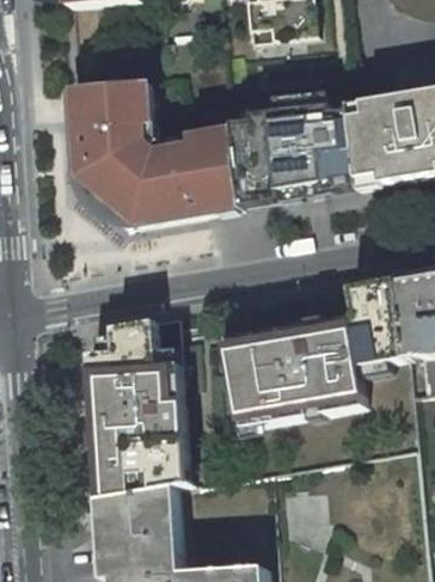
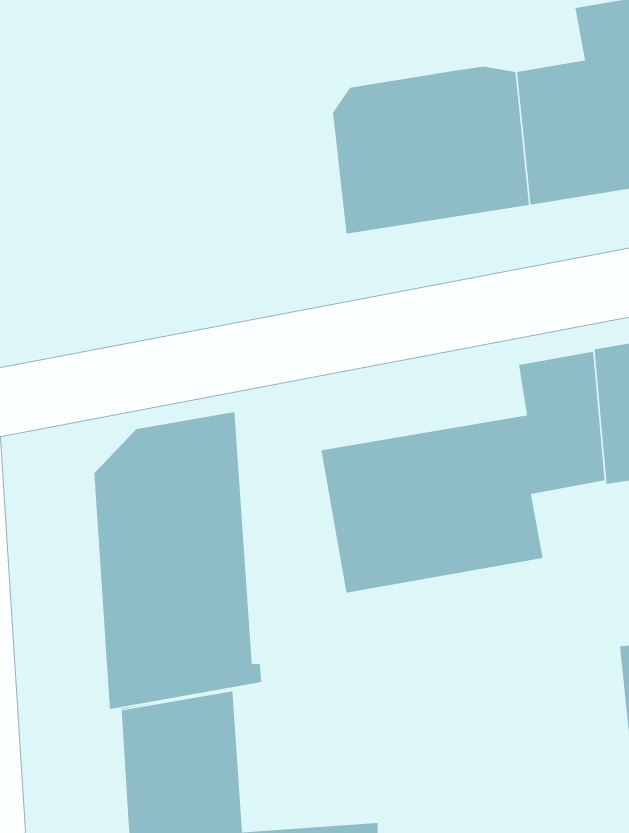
building: [71,82,241,226] -> none

